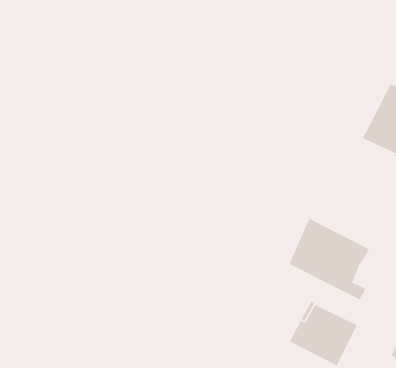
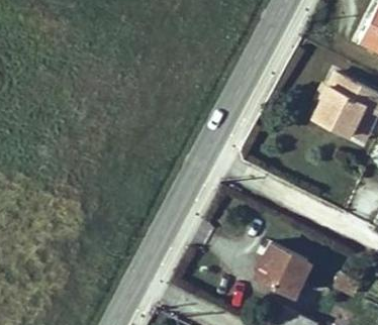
building: [288,218,370,301] -> none

